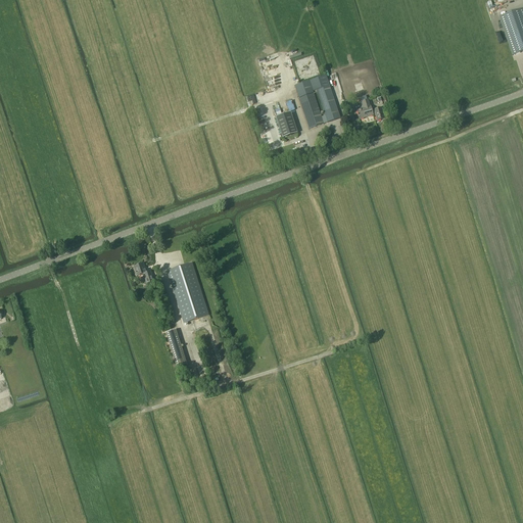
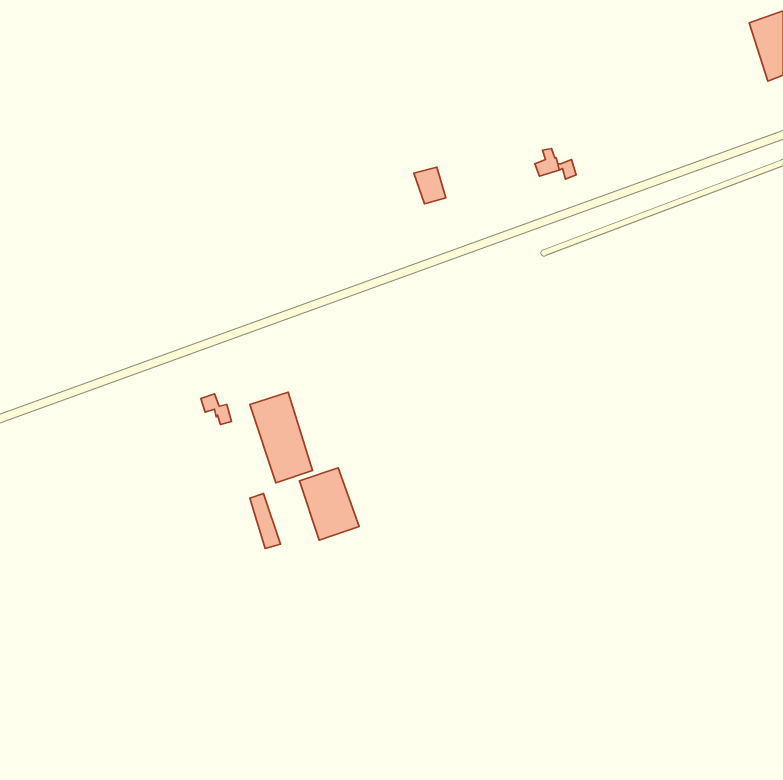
building: [295,75,340,128] -> none
building: none -> [299,468,359,540]

